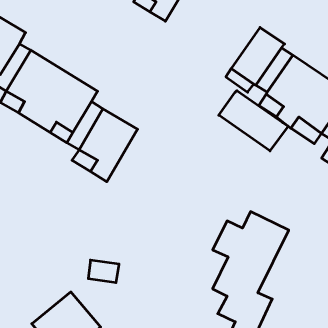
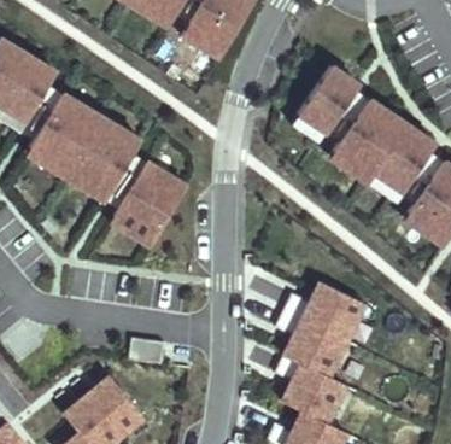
building: [219,91,288,151] -> none

